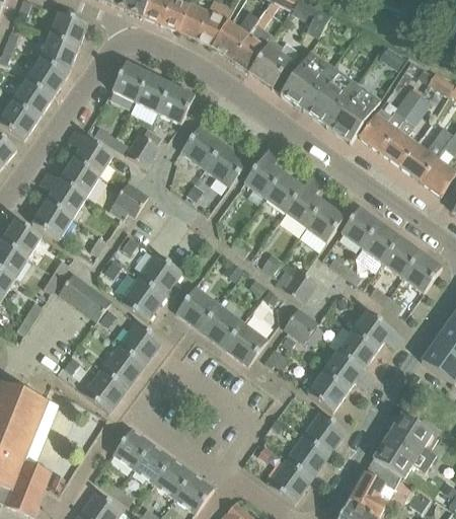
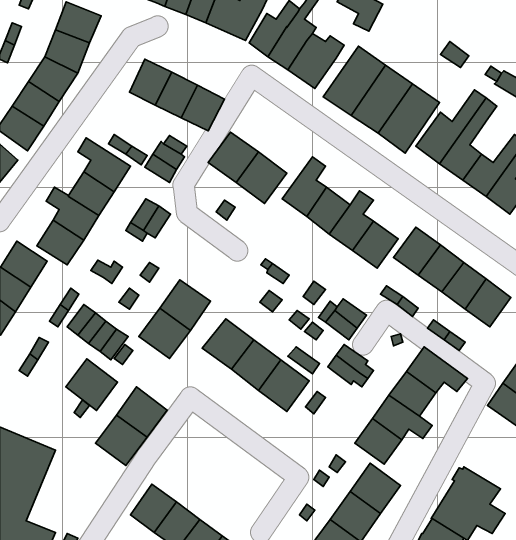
building: [119,320,163,365] -> [66,359,117,410]

